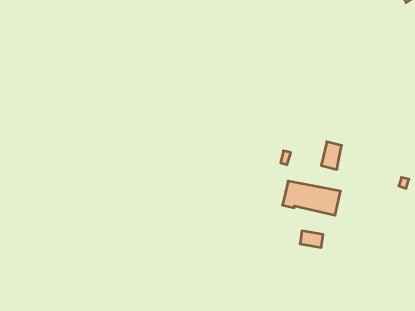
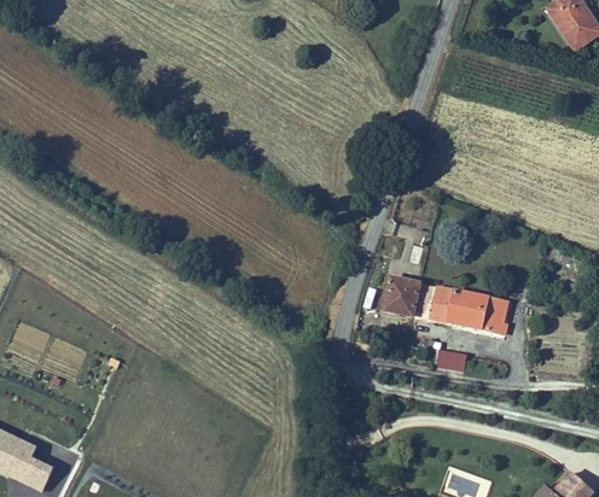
building: [321,142,342,169] -> [481,297,507,333]
building: none -> [383,277,419,316]

